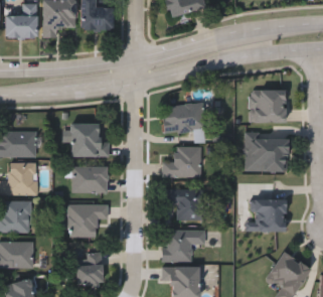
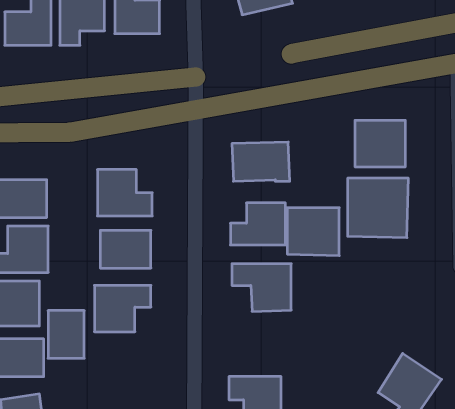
building: [249,198,285,232] -> [287,208,339,256]
building: [163,230,205,261] -> none
building: [76,253,102,286] -> [48,311,84,358]

